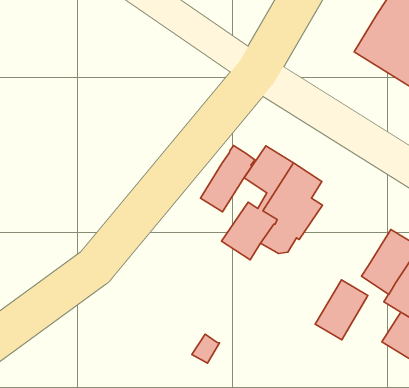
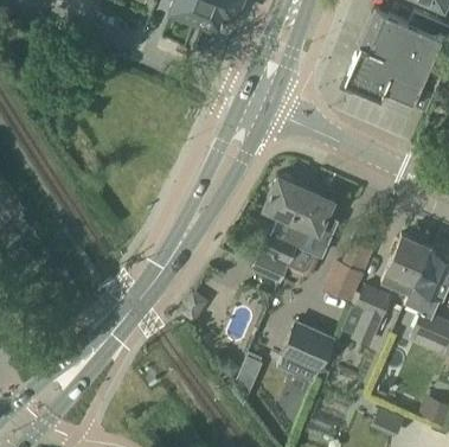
building: [201,145,255,212] -> none
building: none -> [323,260,365,301]
building: none -> [278,324,333,381]

